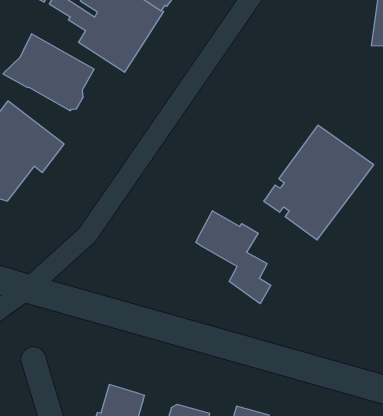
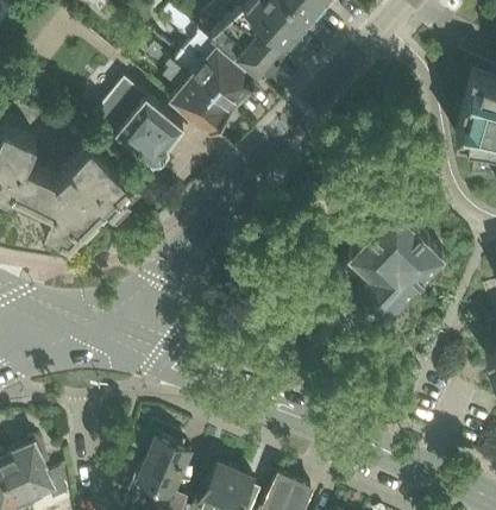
building: [196,211,271,304] -> none

